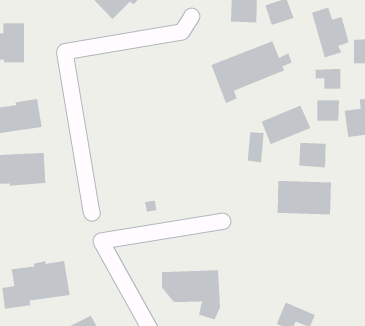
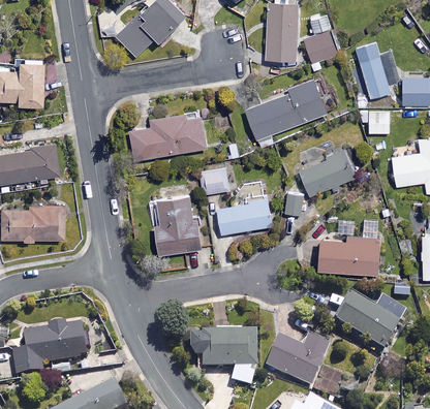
building: none -> [130,108,208,158]
building: [317,100,340,121] -> none
building: none -> [201,166,231,193]
building: [299,142,326,168] -> none
building: none -> [152,192,202,252]
building: none -> [218,194,273,231]
building: none -> [335,290,405,348]
building: none -> [266,336,329,386]

